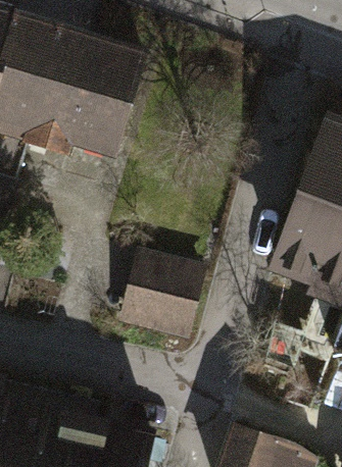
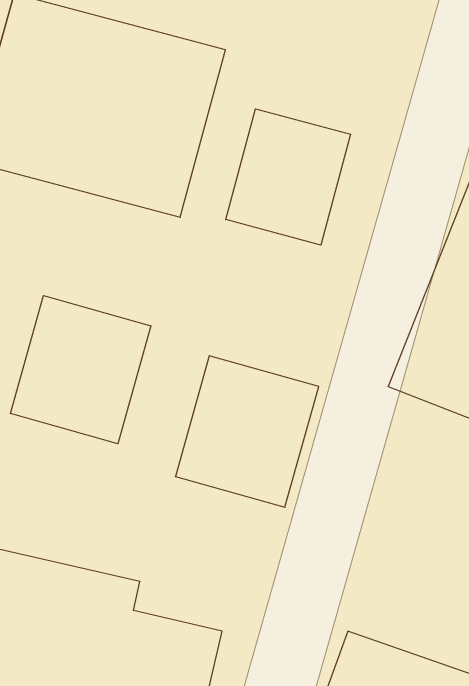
building: none -> [226,109,351,245]
building: none -> [10,296,151,444]

